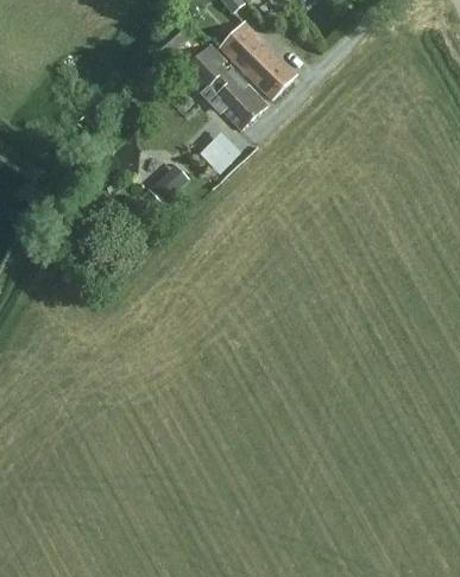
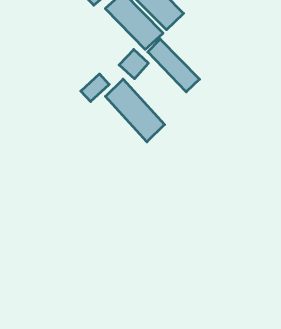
building: none -> [148,39,200,92]
building: none -> [105,79,165,142]

